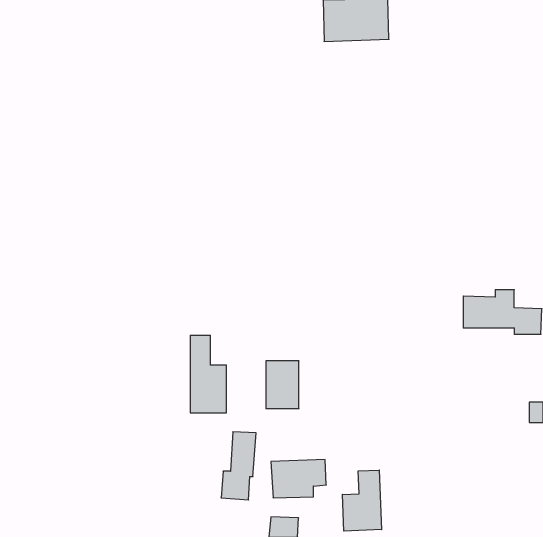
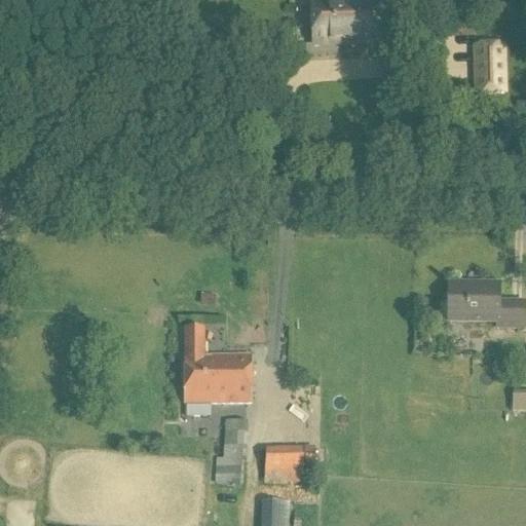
building: none -> [472,40,508,93]
building: [266,361,299,409] -> [219,353,251,400]
building: [342,470,382,531] -> none

